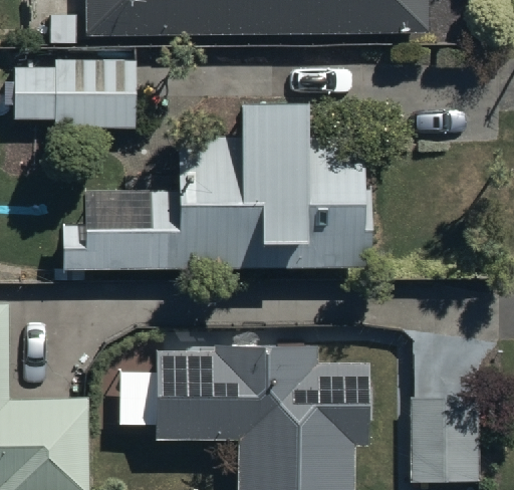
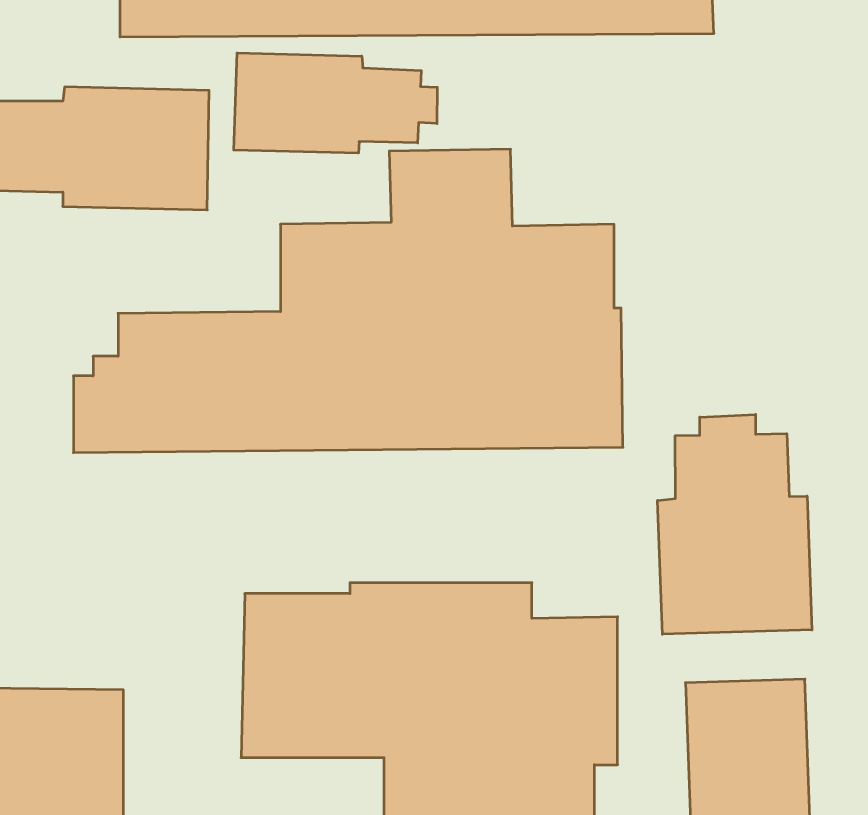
building: none -> [234,53,437,153]
building: none -> [658,414,812,634]

